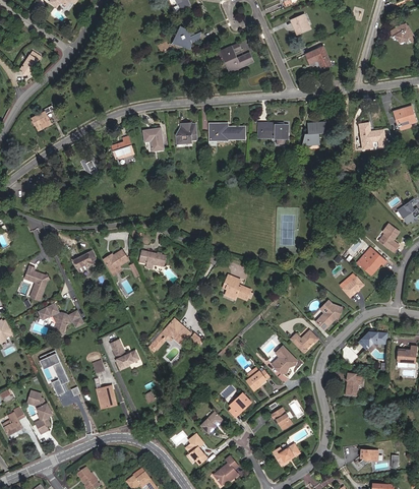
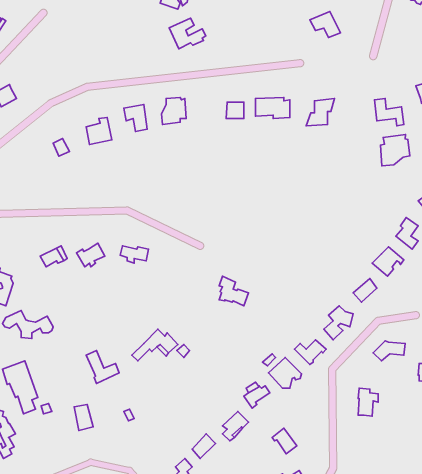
building: [218,43,249,69] -> [169,18,206,49]
building: [210,122,232,140] -> none
building: none -> [381,134,410,166]

